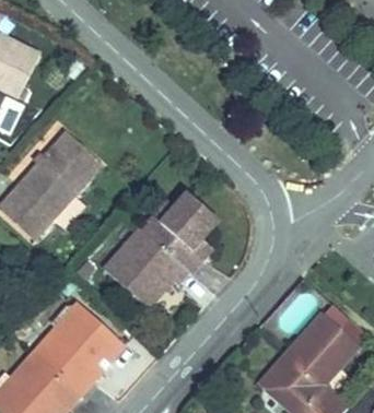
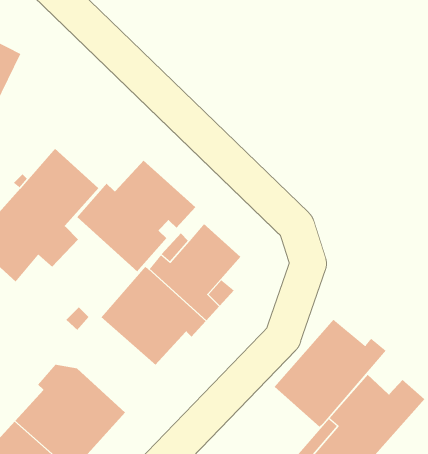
building: none -> [77,160,196,272]
building: none -> [274,319,386,427]

